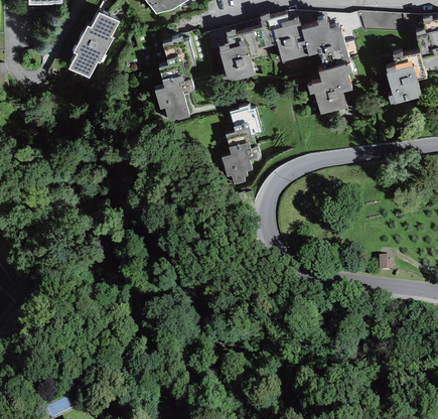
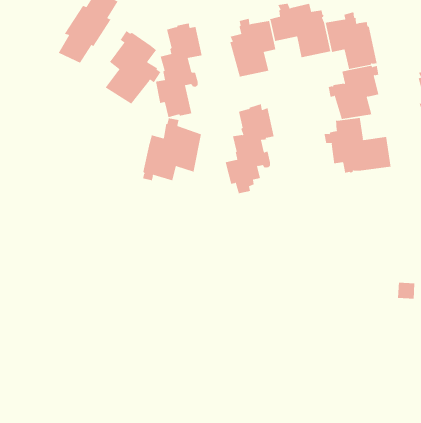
building: none -> [105,30,161,105]
building: none -> [324,117,391,174]
building: none -> [143,118,202,181]

